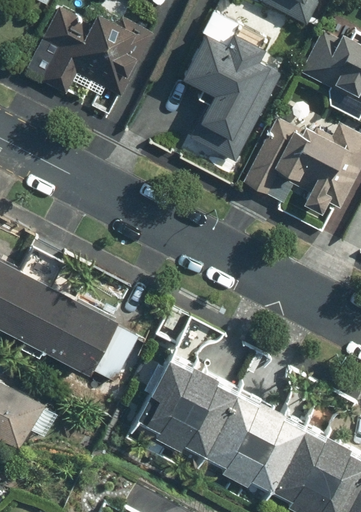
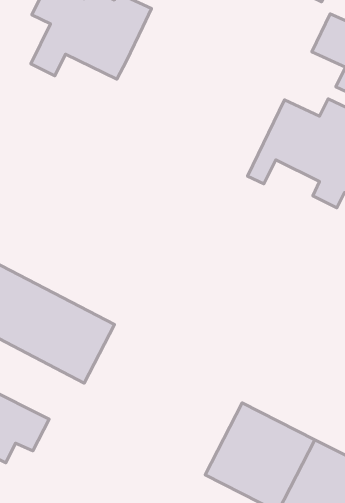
building: [181,33,269,165] -> none
building: [135,358,237,459] -> none

